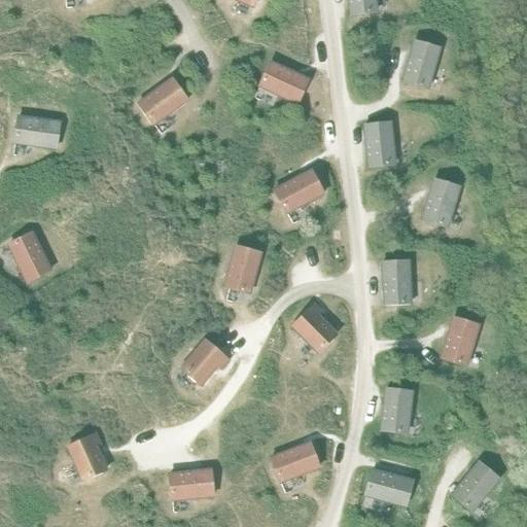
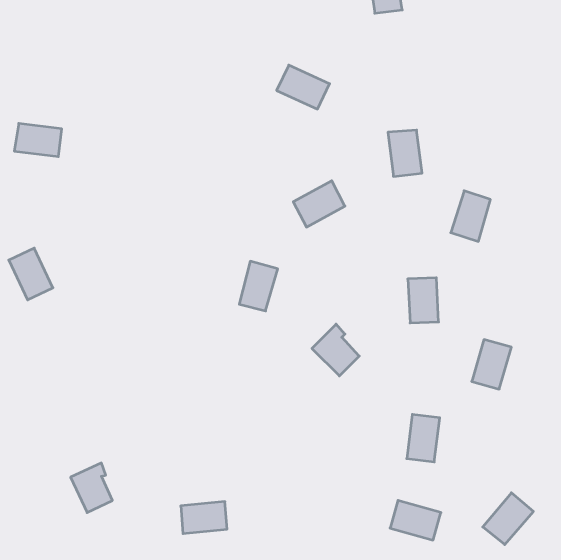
building: [403,39,441,86] -> none
building: [139,77,188,122] -> none
building: [182,339,230,383] -> none
building: [272,441,320,481] -> none

